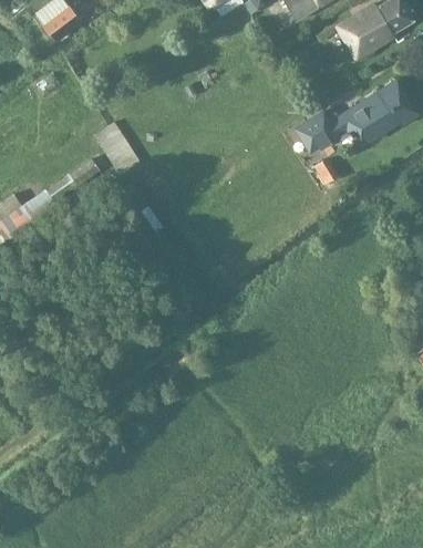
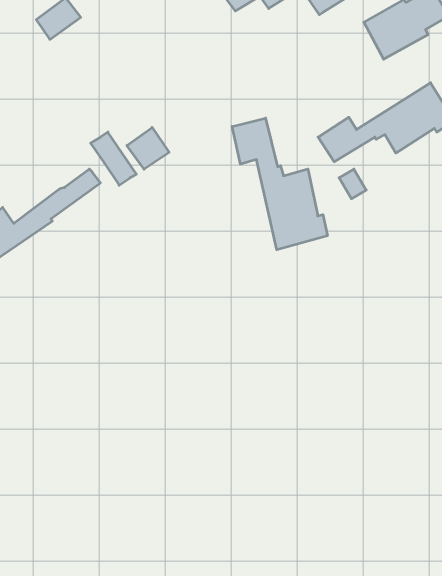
building: none -> [232,118,327,250]
building: none -> [127,127,169,169]

